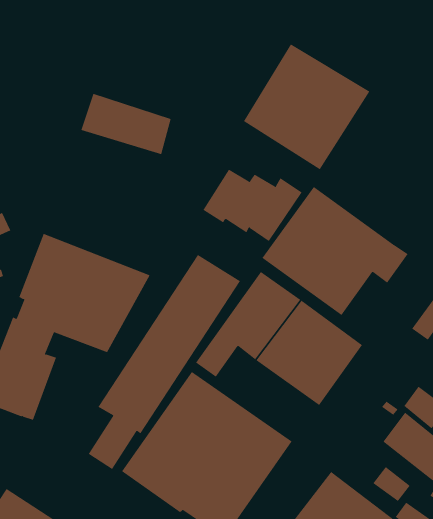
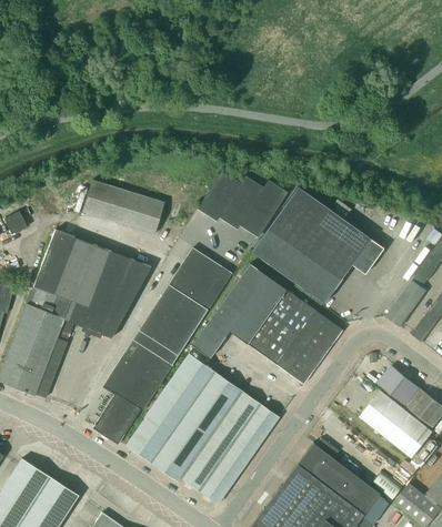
building: [243,43,370,170] -> none
building: [80,93,172,155] -> [81,180,163,235]
building: [372,466,410,502] -> none

